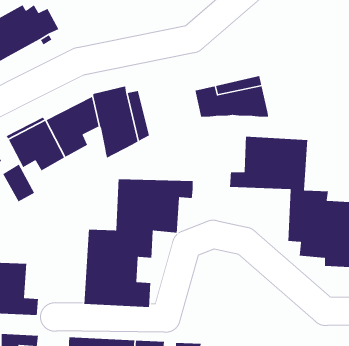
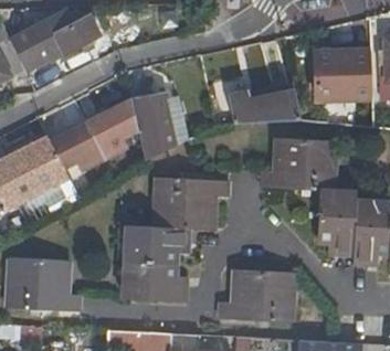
building: none -> [314,49,371,98]
building: none -> [220,269,294,321]

